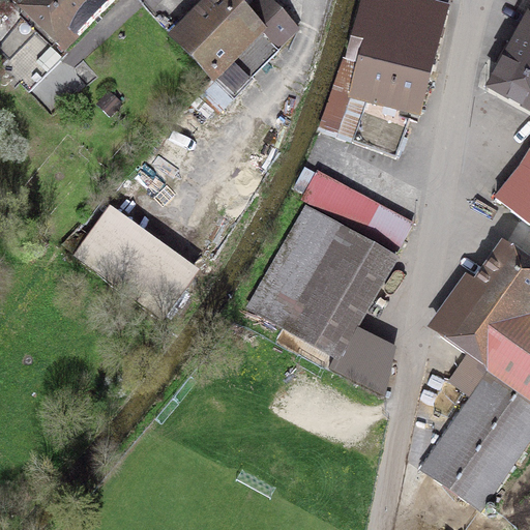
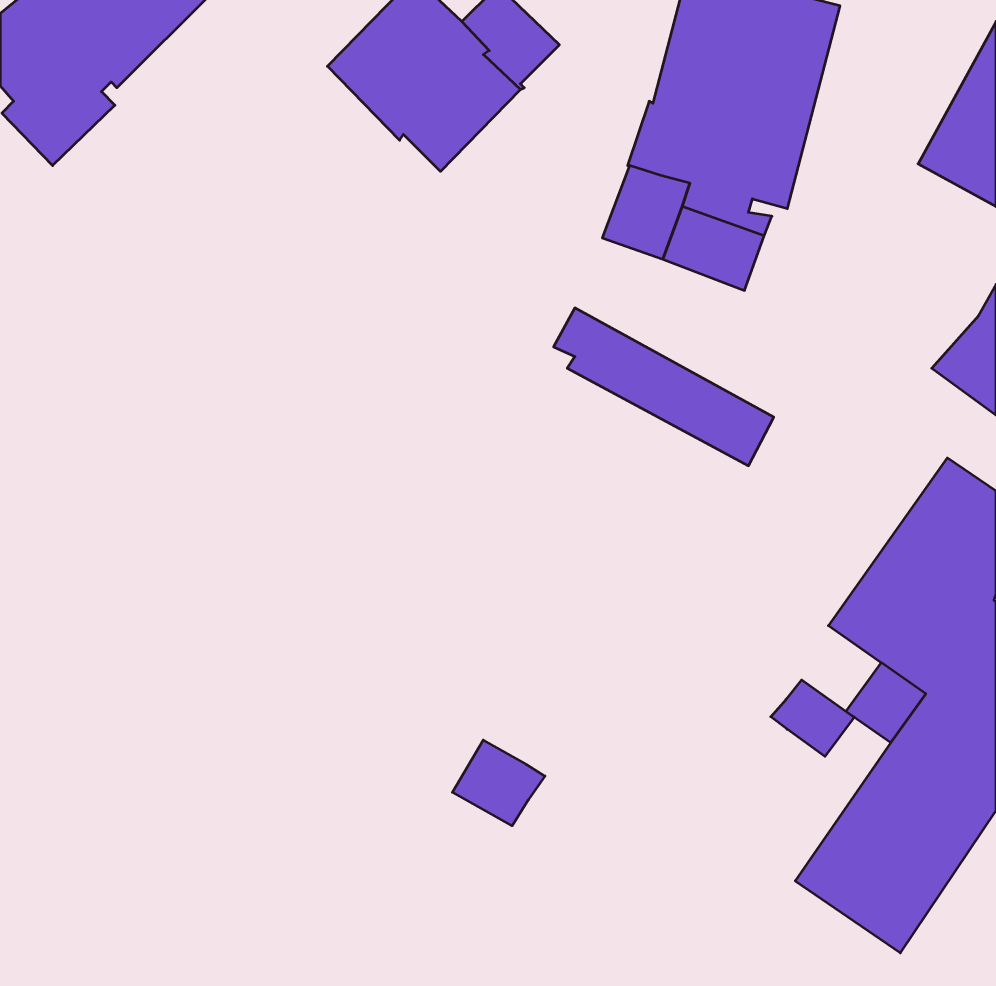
building: [247,204,394,392] -> none
building: [78,211,193,315] -> none
building: none -> [771,680,854,756]
building: none -> [452,740,545,826]

